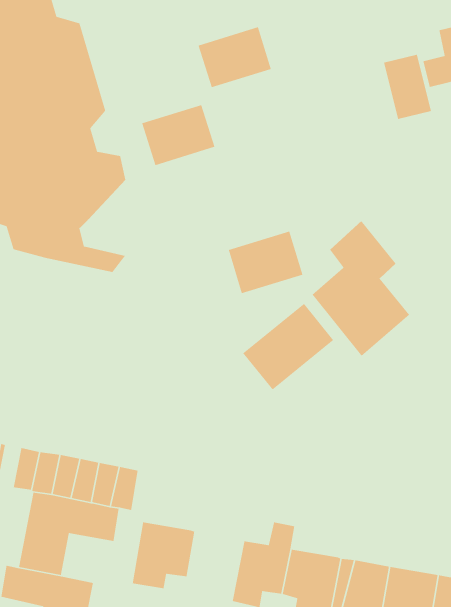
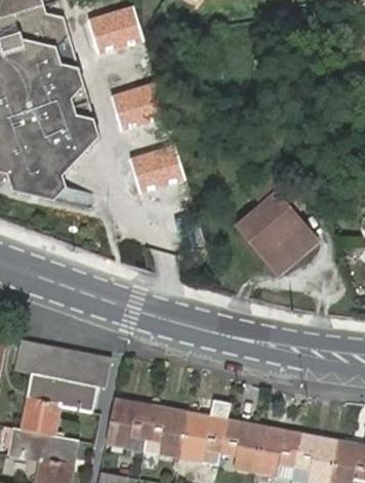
building: [198,26,272,88] -> [88,7,145,54]
building: [383,54,432,120] -> none
building: [228,231,303,294] -> [127,145,185,193]
building: [242,303,334,390] -> none
building: none -> [146,405,189,458]

